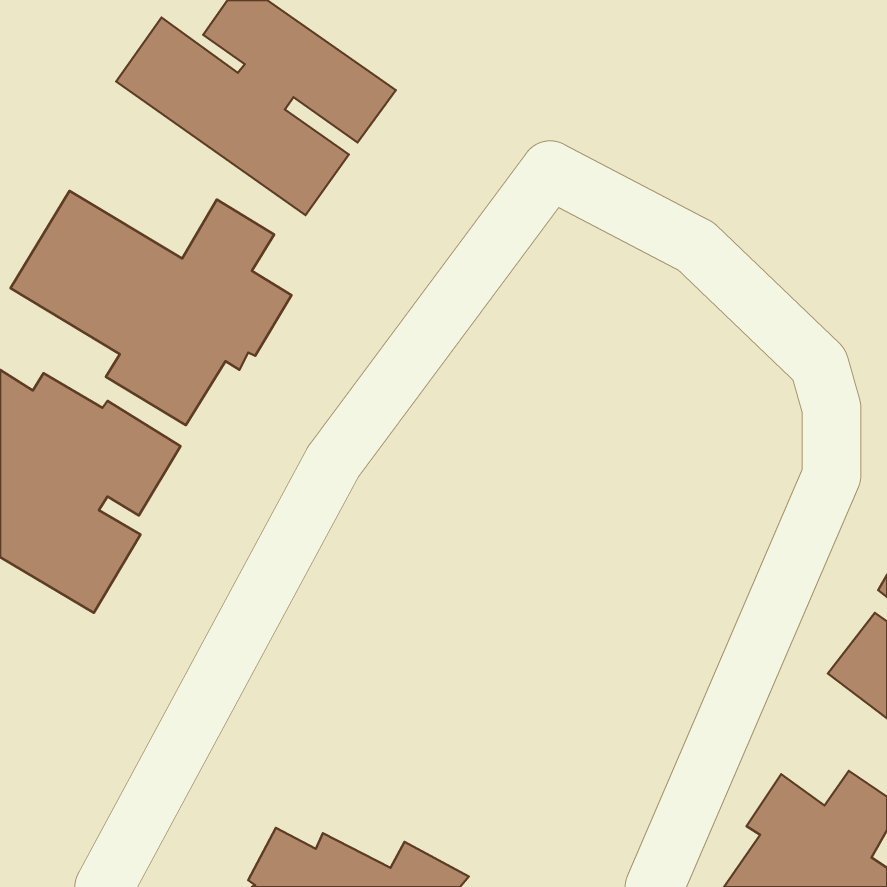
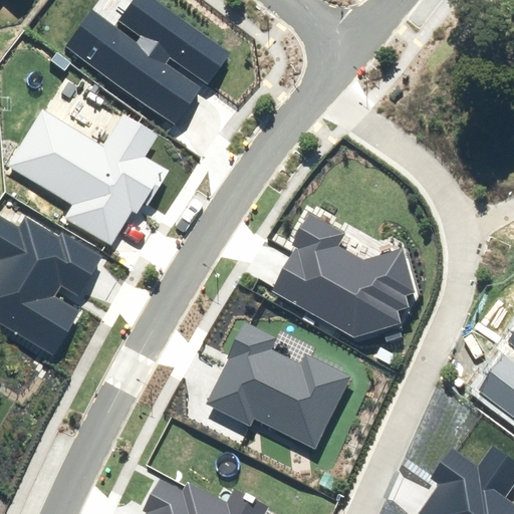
building: none -> [272,212,416,337]
building: none -> [208,321,350,450]

